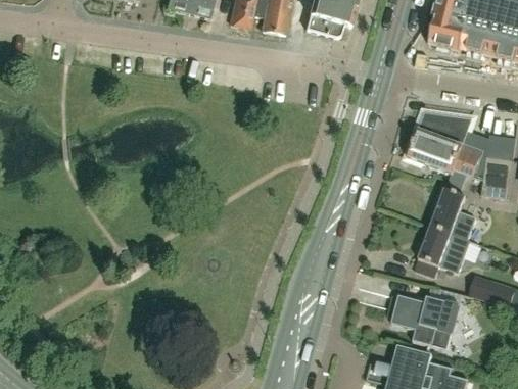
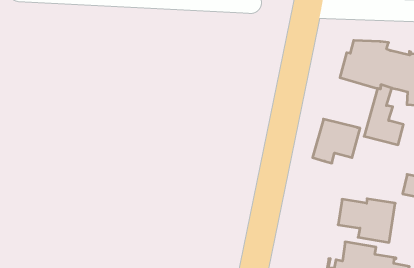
building: [414,225,471,276] -> [313,119,360,163]

